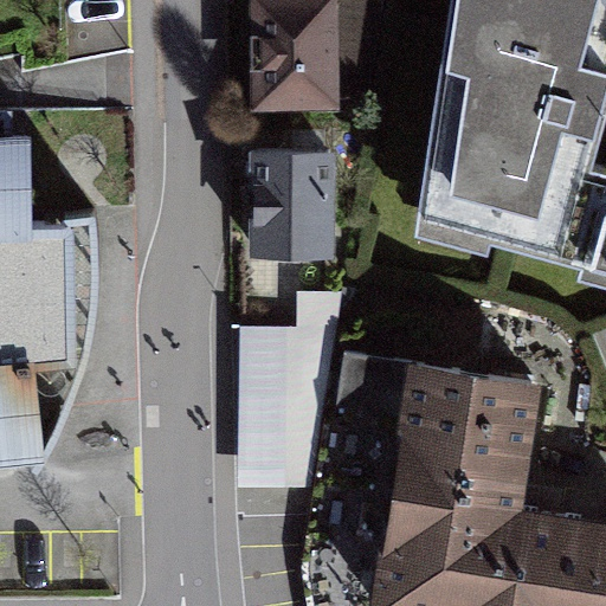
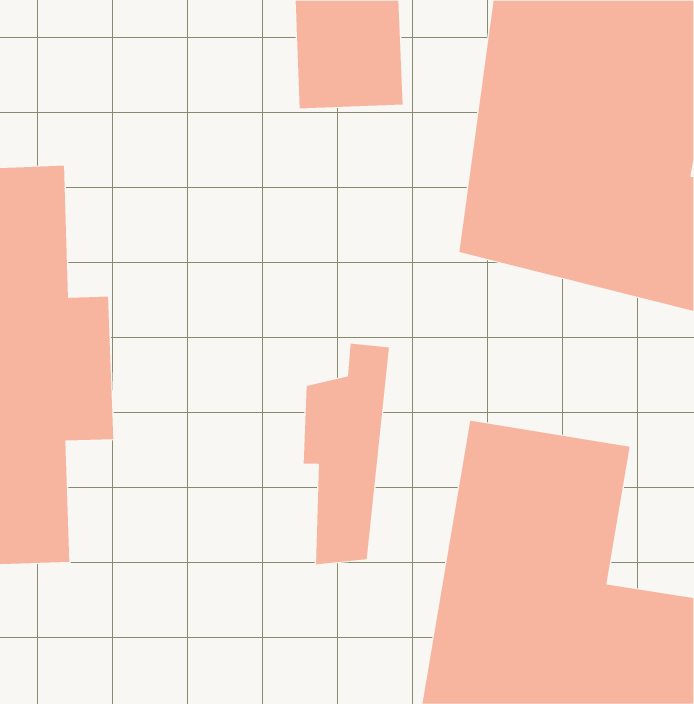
building: [250,144,334,260] -> none

